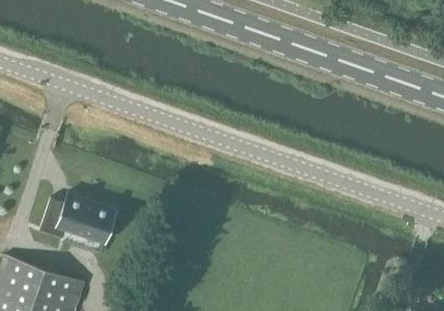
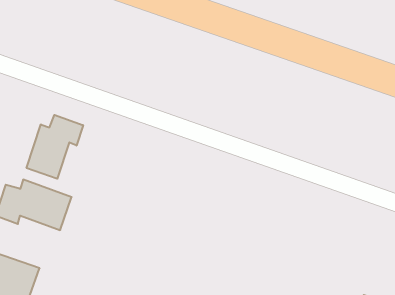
building: none -> [27,115,83,179]

